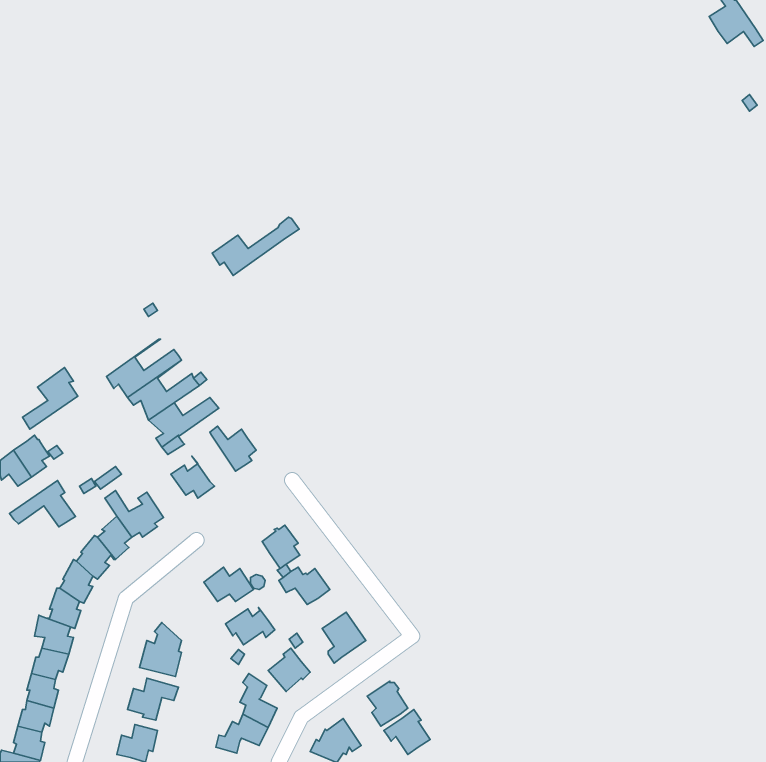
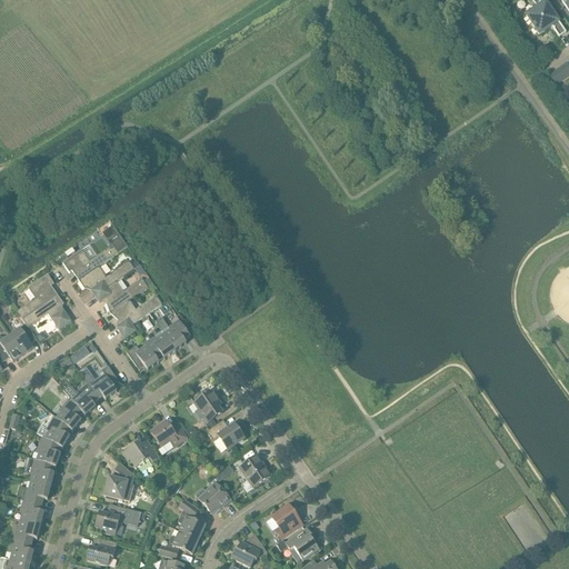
building: [212,217,299,276] -> [63,236,128,279]
building: none -> [142,322,174,357]
building: [9,480,75,527] -> [22,293,71,328]
building: [225,607,275,645] -> [122,439,159,467]

